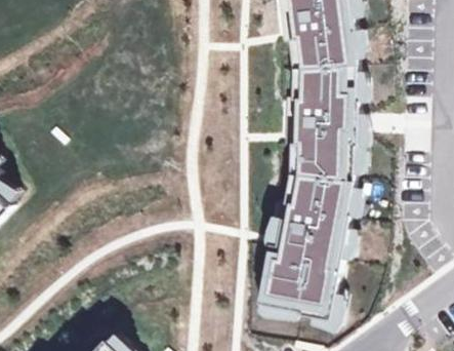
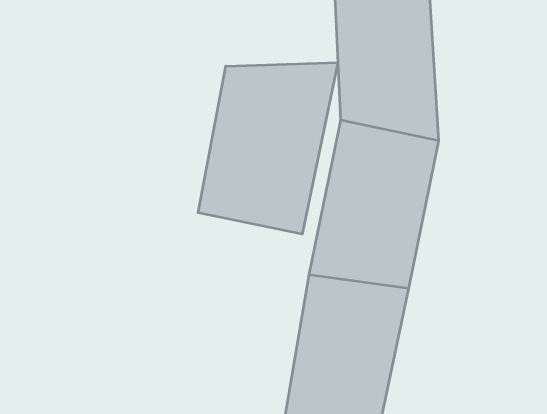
building: none -> [198,63,338,234]

